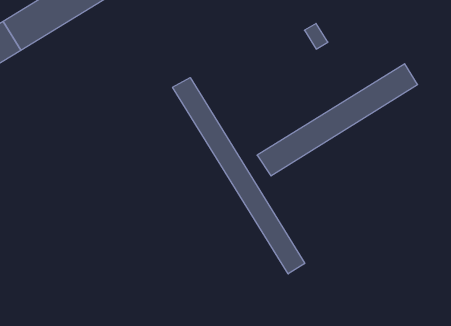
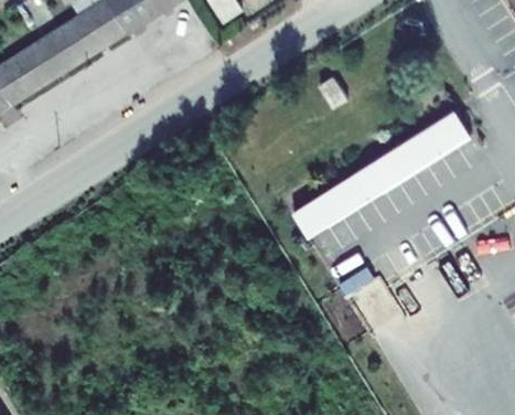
building: [173,78,305,274] -> none

